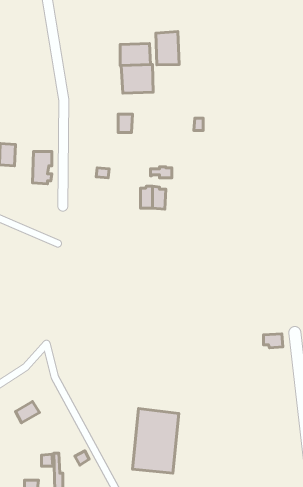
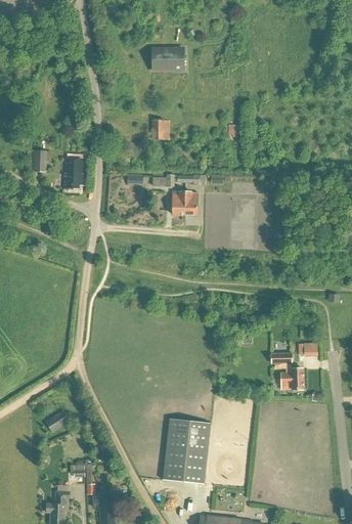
building: [156,32,179,65] -> none
building: [121,65,153,93] -> none
building: none -> [269,352,301,389]

